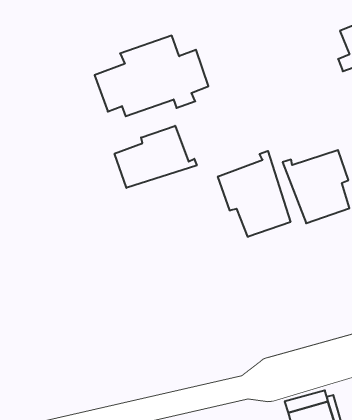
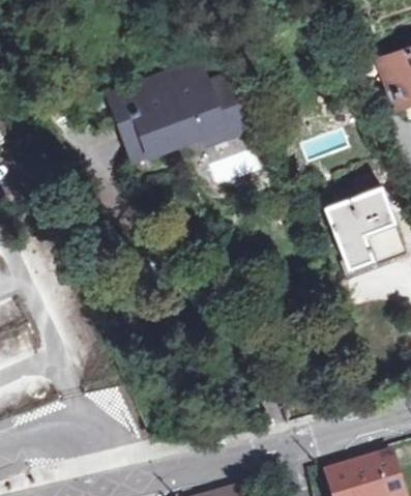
building: [115,126,197,188] -> none
building: [218,151,290,237] -> none

